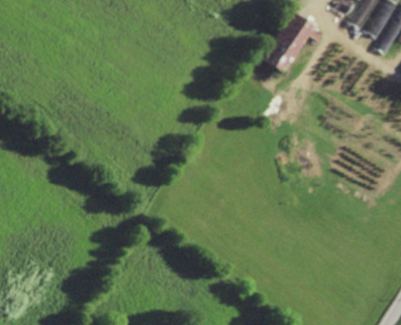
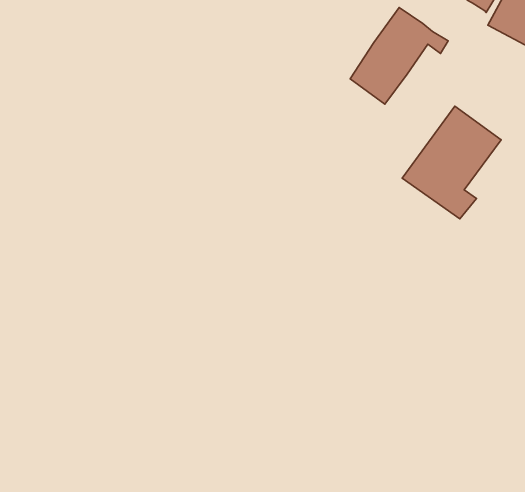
building: none -> [402,106,501,219]

